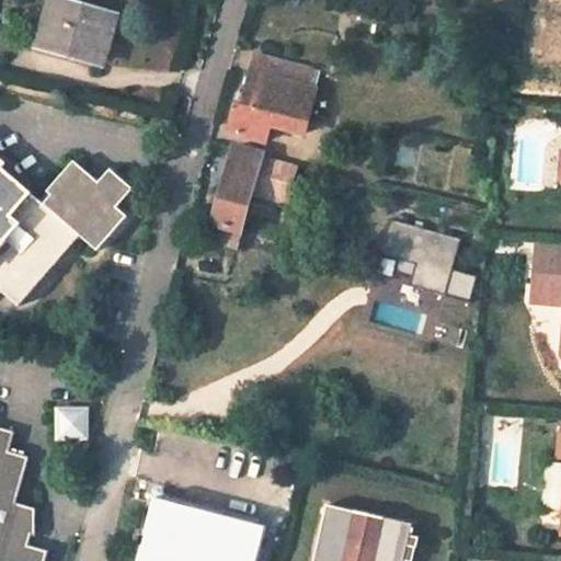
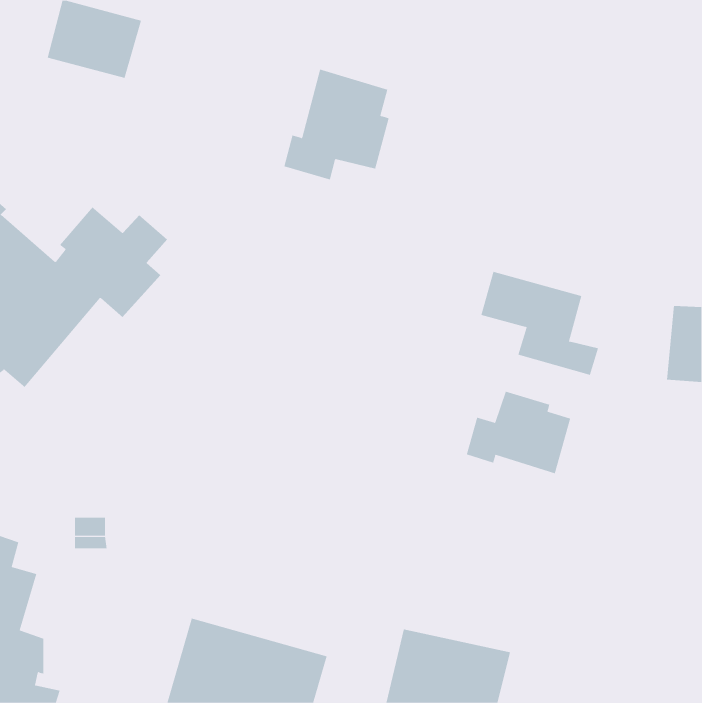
building: [207,149,290,250] -> none
building: none -> [466,391,571,474]

